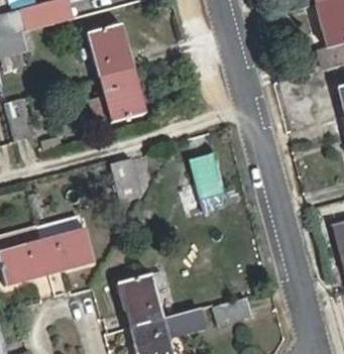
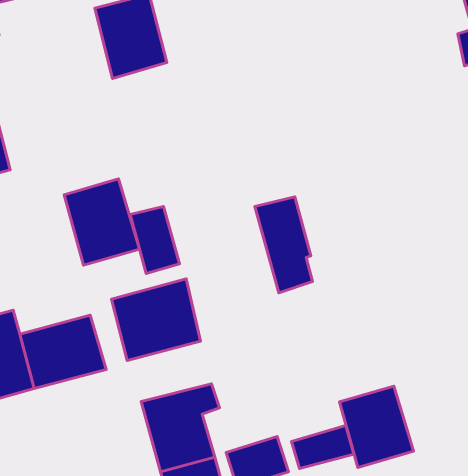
building: [99,68,146,122] -> [64,179,139,265]
building: none -> [111,279,200,361]
building: none -> [339,386,414,468]

